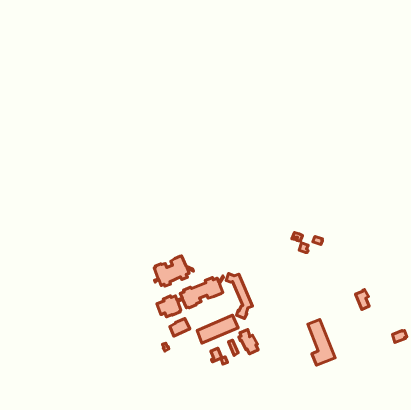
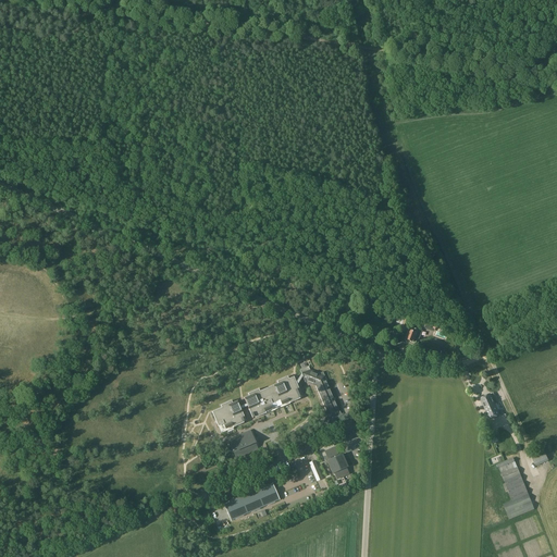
building: [154,256,193,286] -> none
building: [197,315,238,343] -> [224,482,280,520]
building: [308,319,335,365] -> [497,457,534,519]

